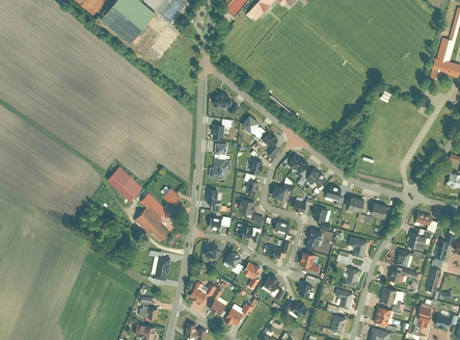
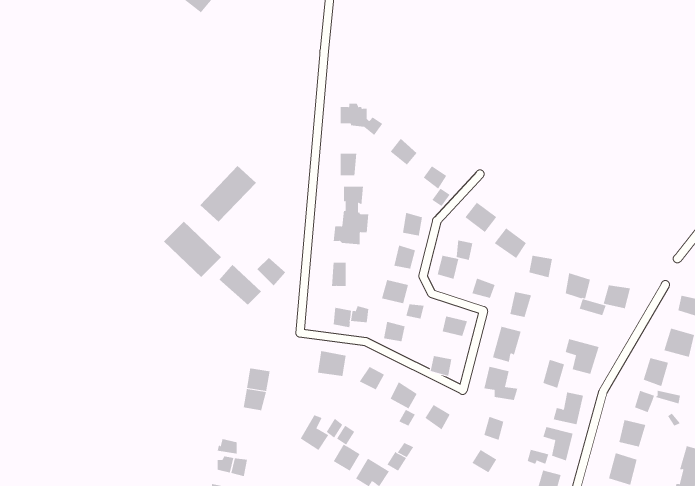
building: none -> [199,165,257,223]
building: [136,208,169,240] -> none

